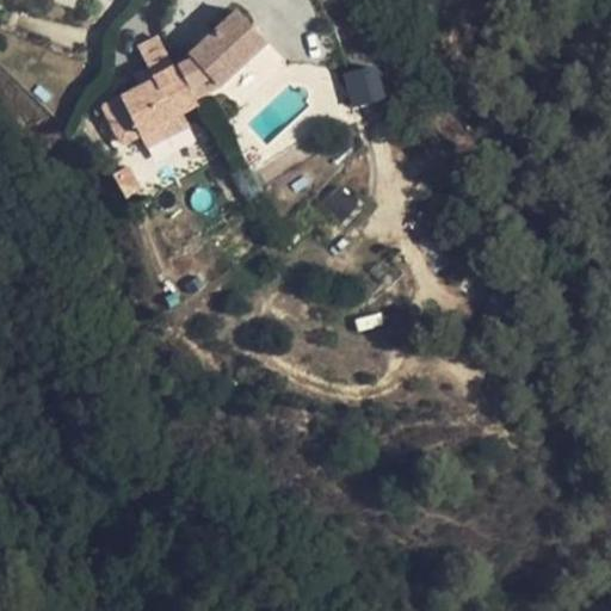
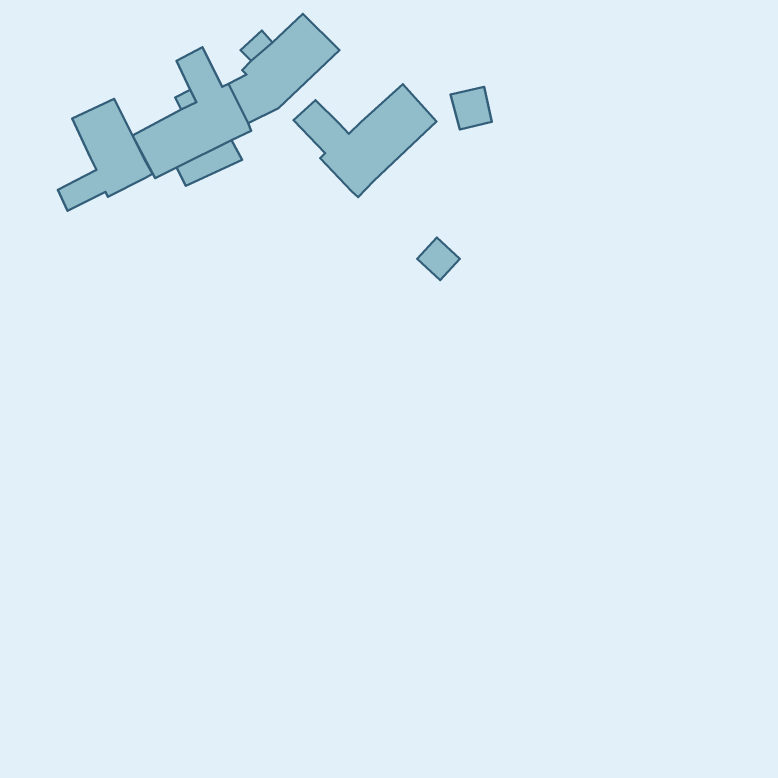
building: none -> [294,84,436,197]
building: none -> [58,99,152,211]

